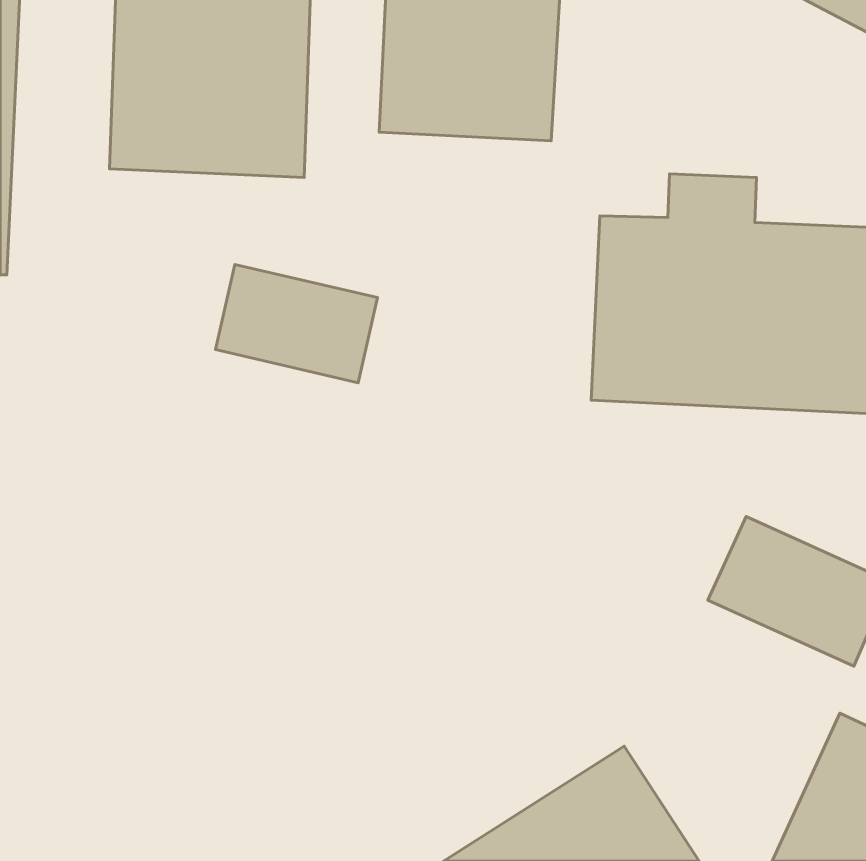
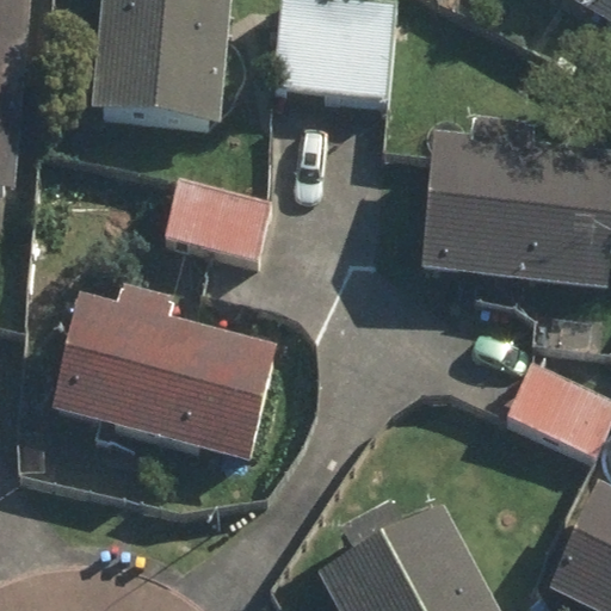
building: none -> [49,285,278,463]

